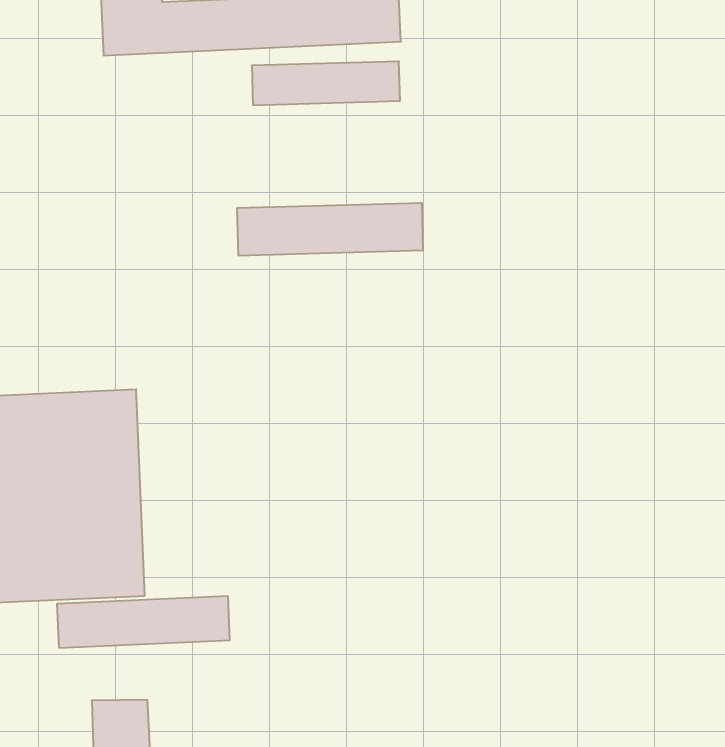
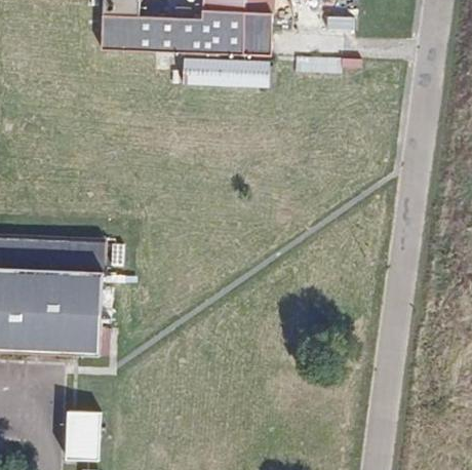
building: [237,203,423,256] -> none
building: [57,596,230,648] -> none

